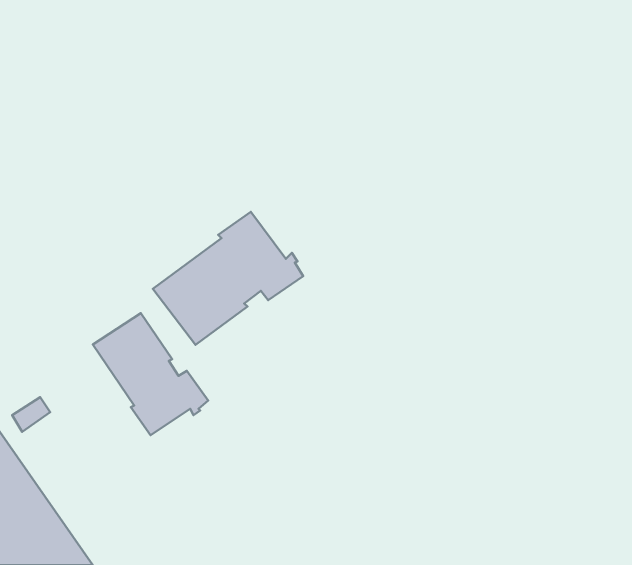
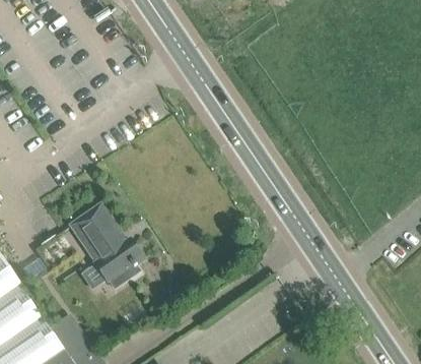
building: [153,212,303,345] -> none

